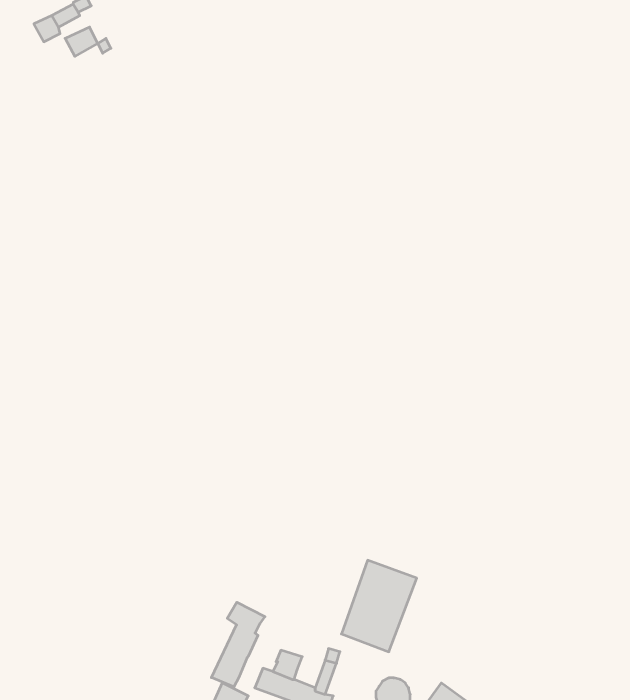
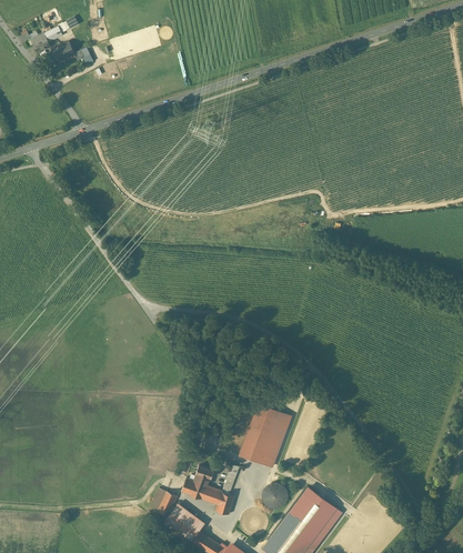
building: [211,602,265,687] -> none

